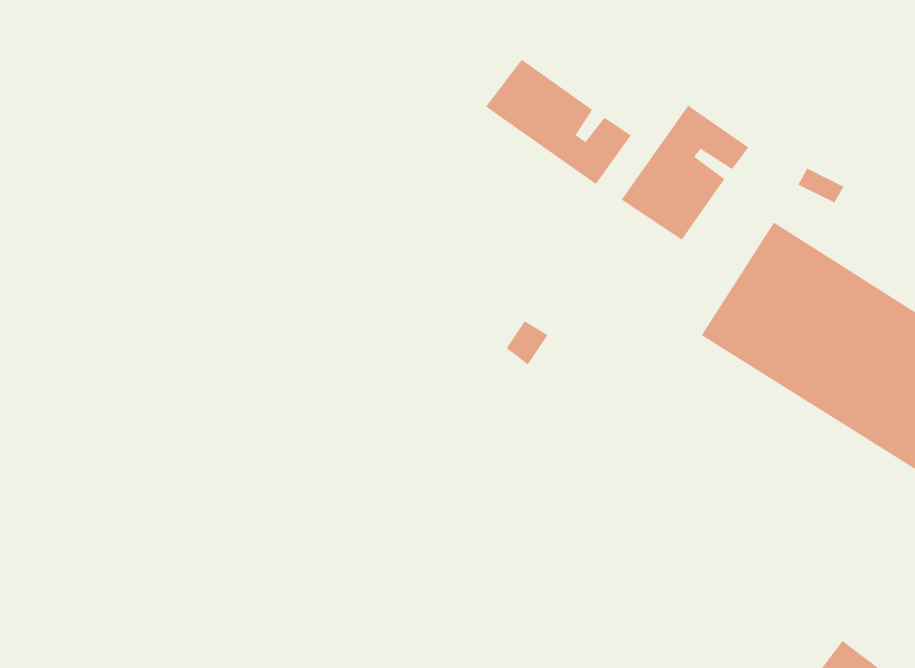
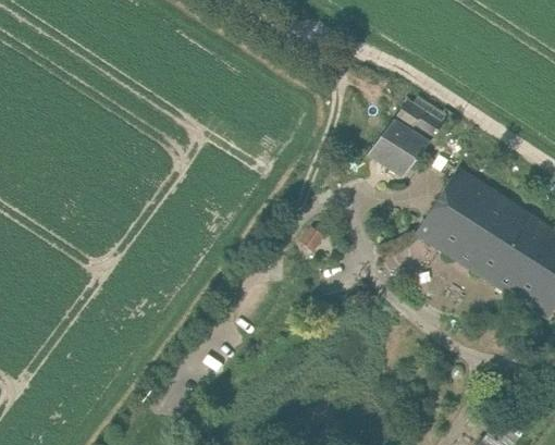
building: [485,59,631,185] -> none

